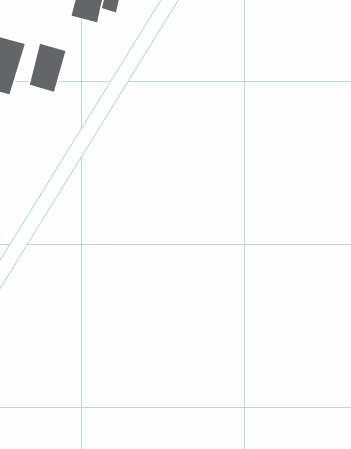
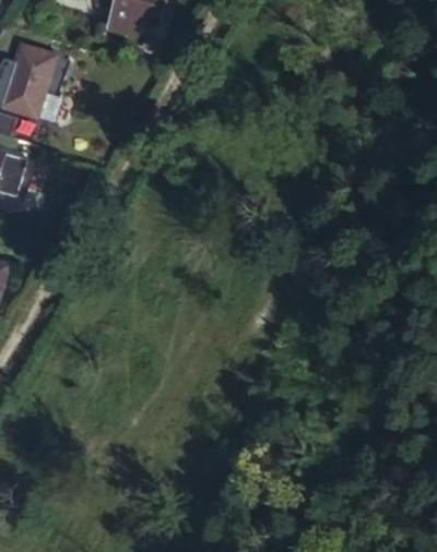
building: [29,43,66,93] -> none

